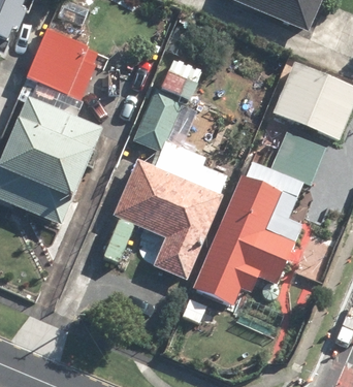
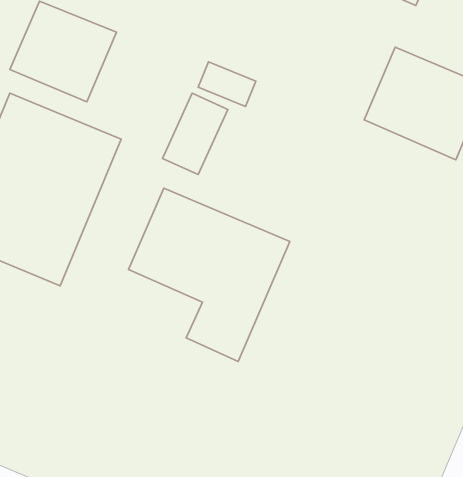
building: [272,131,327,185] -> none
building: [191,168,297,308] -> none

